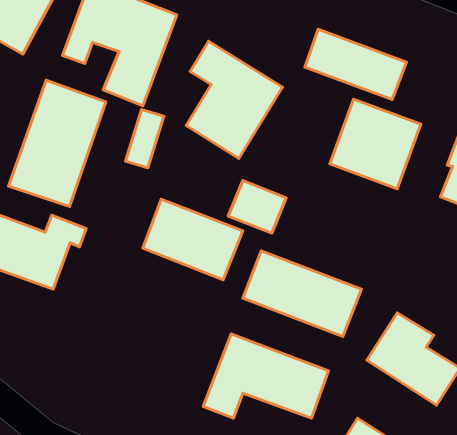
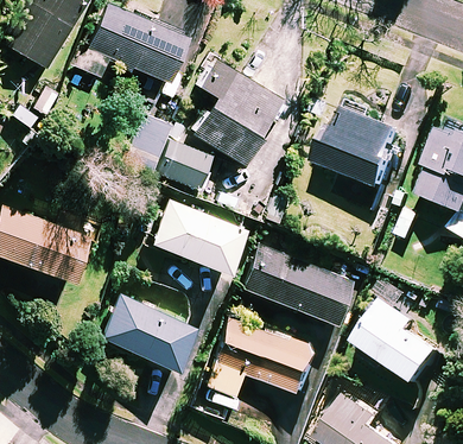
building: [305,29,407,99] -> none
building: [8,80,106,207] -> none
building: [228,181,286,233] -> [160,142,213,190]
building: none -> [102,294,194,369]

